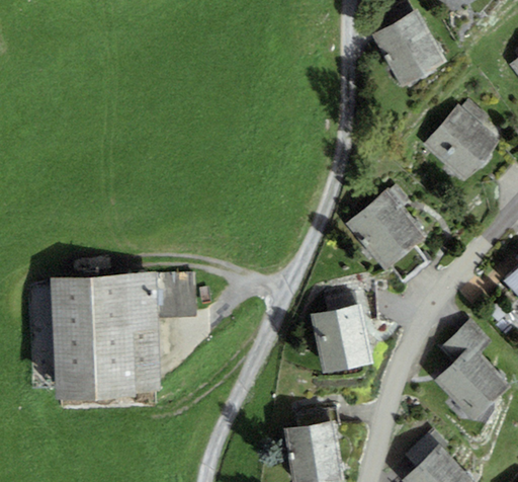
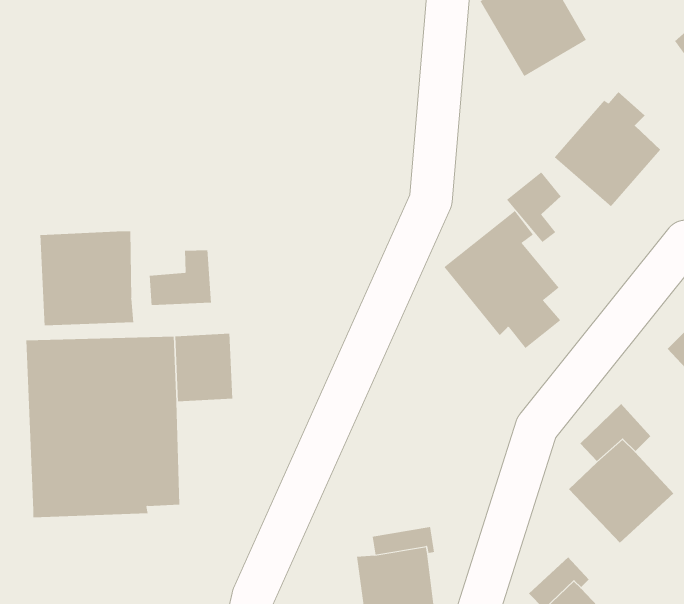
building: none -> [506,172,562,243]
building: none -> [40,231,134,326]
building: none -> [149,250,211,306]
building: [311,306,371,375] -> none

